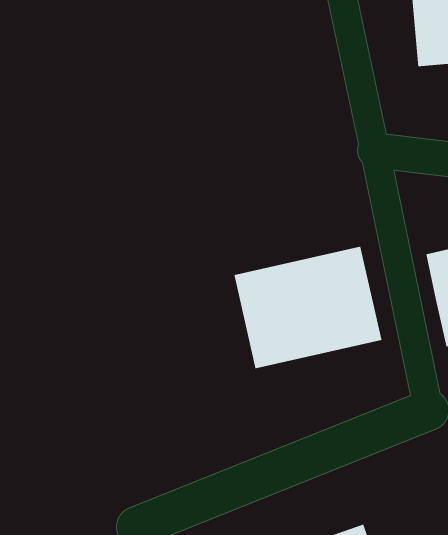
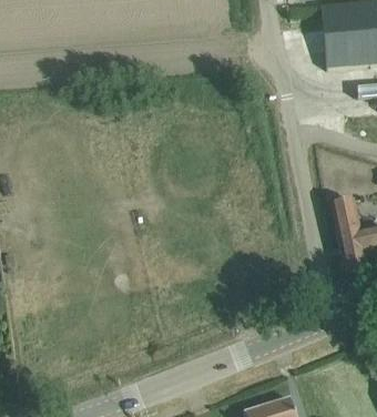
building: [234,246,382,369] -> none

